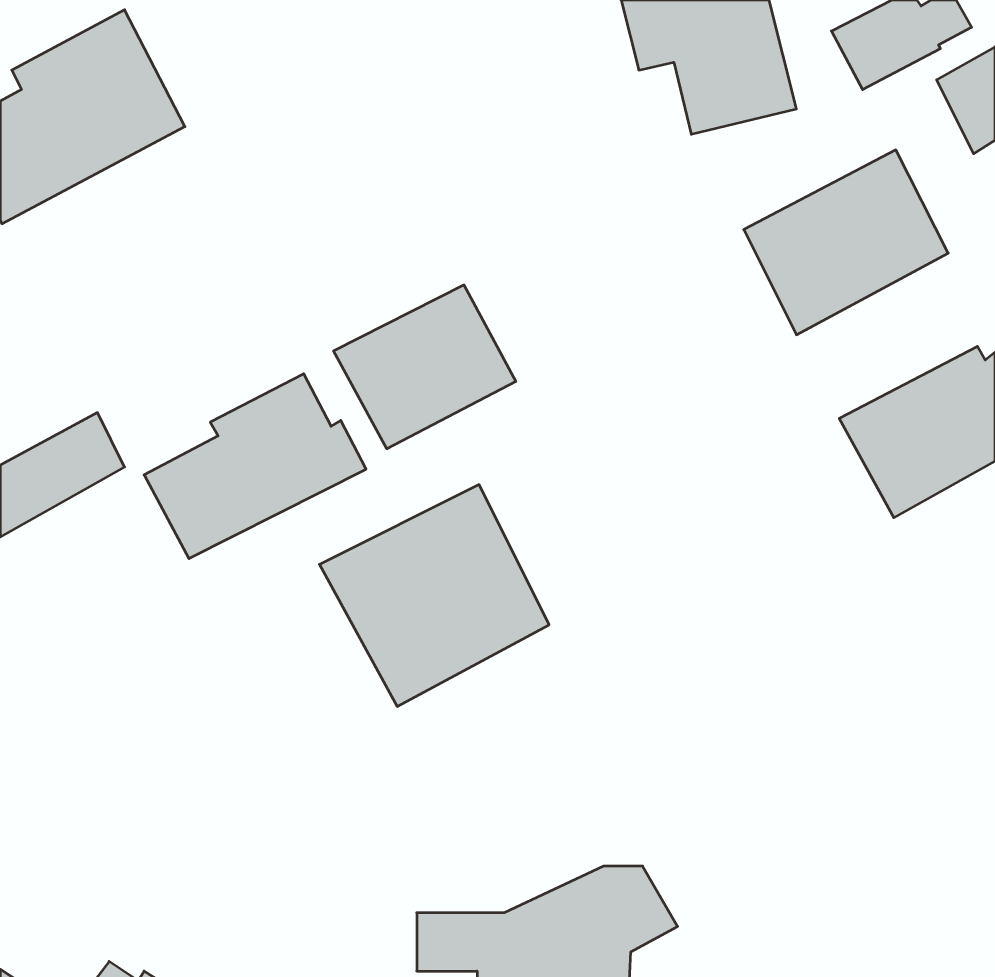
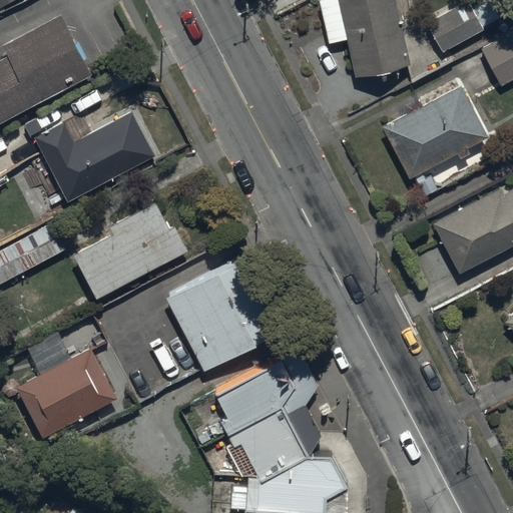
building: none -> [33,112,157,202]
building: [334,285,516,449] -> none
building: none -> [17,336,117,438]
building: none -> [214,351,323,479]

